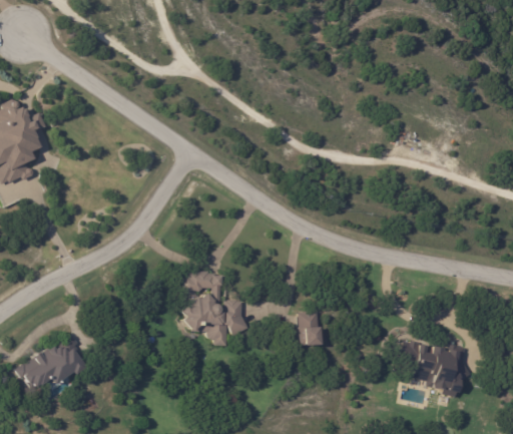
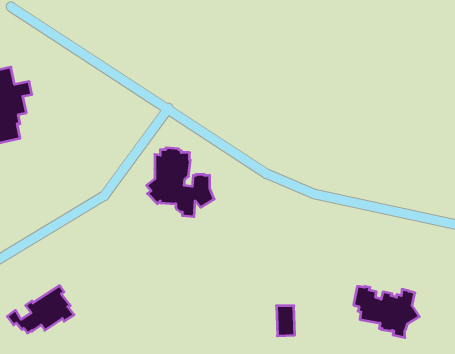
building: [171,271,245,346] -> [147,148,214,217]
building: [298,311,318,344] -> [276,306,295,336]

